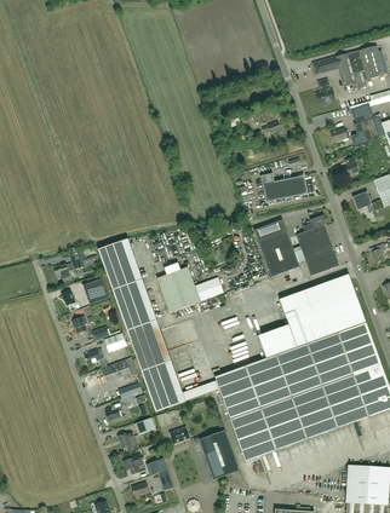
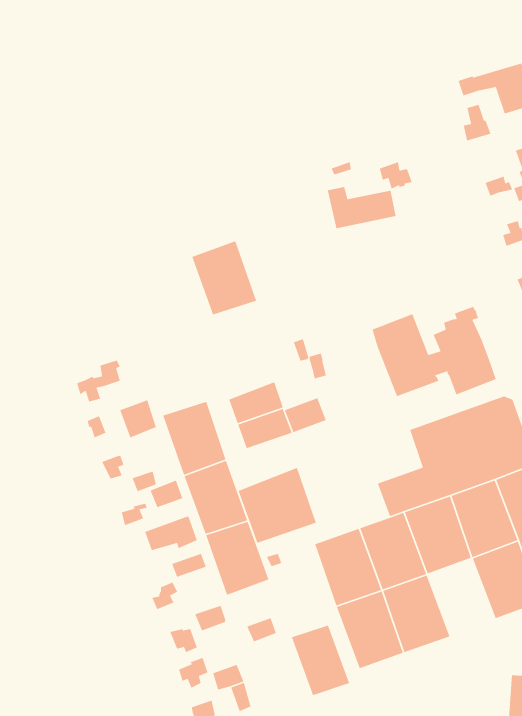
building: [259,173,306,202] -> [327,186,397,229]
building: [97,238,142,289] -> [191,240,257,315]
building: none -> [237,467,317,544]
building: [291,386,337,439] -> none

